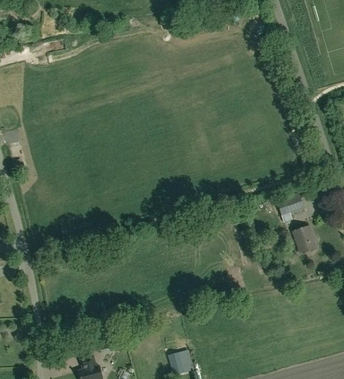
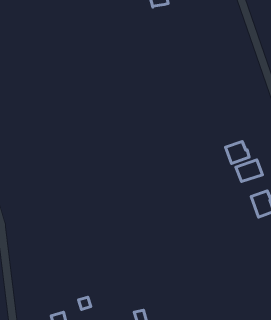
building: none -> [226,141,249,164]

